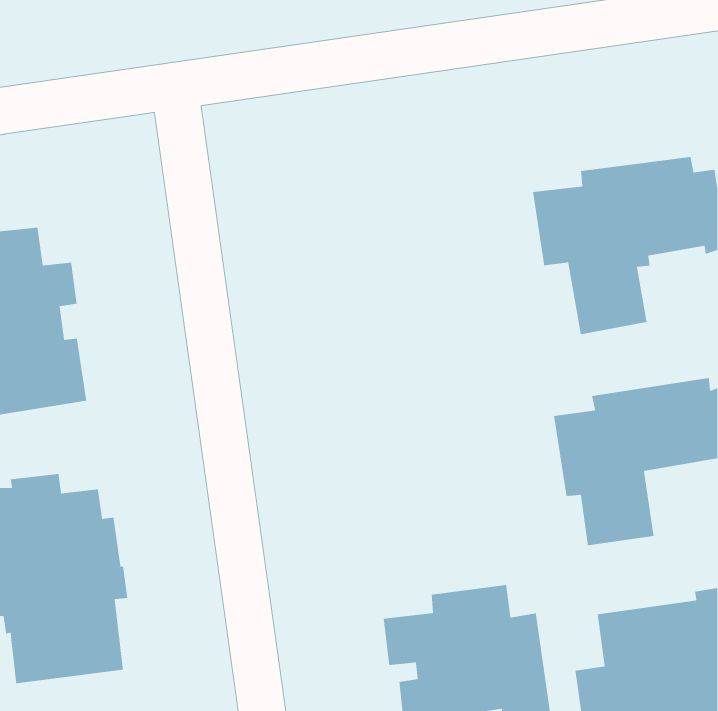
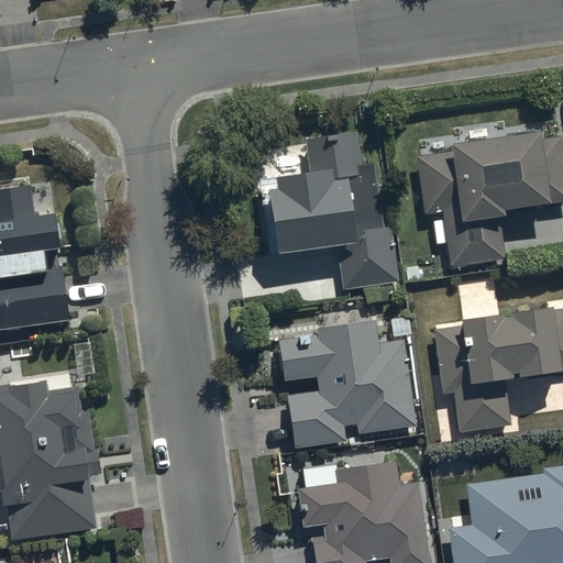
building: none -> [269,132,398,298]
building: none -> [279,321,416,451]

